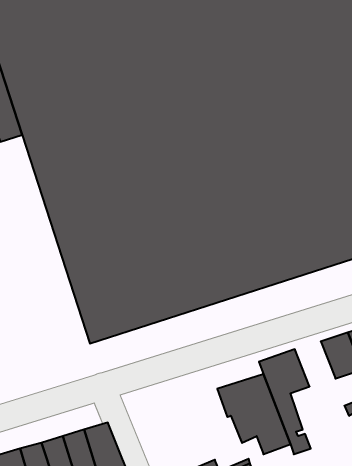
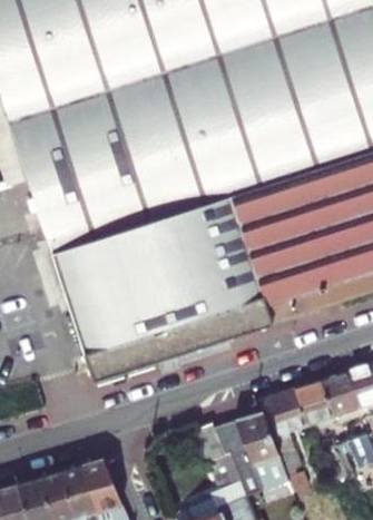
building: none -> [294,377,334,422]
building: none -> [196,419,243,487]

